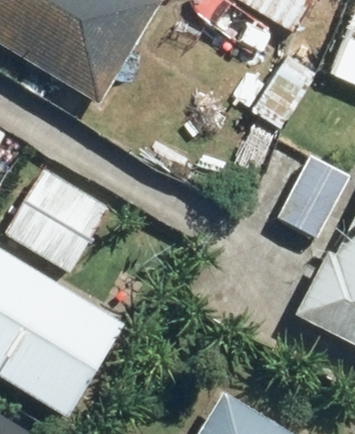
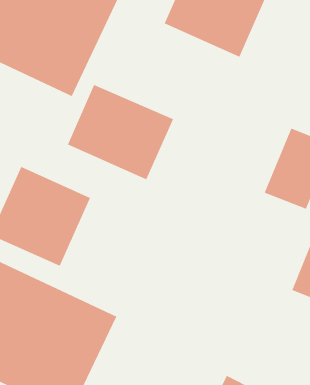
building: none -> [67,84,174,180]

